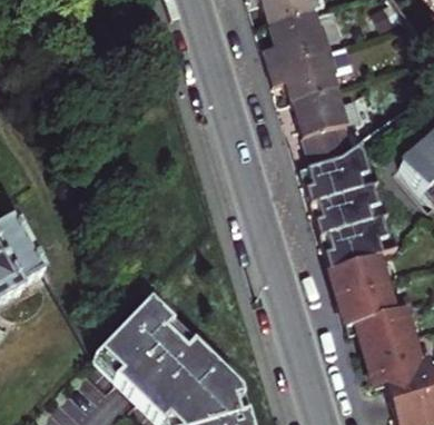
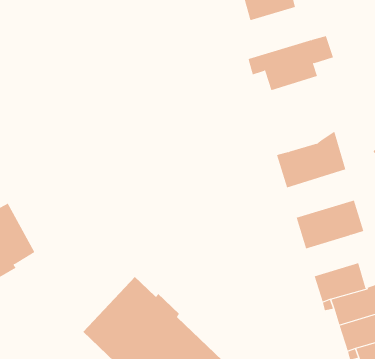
building: [264,9,335,63] -> none
building: [292,82,351,162] -> none
building: [308,181,381,233] -> none
building: [328,251,385,295] -> none

